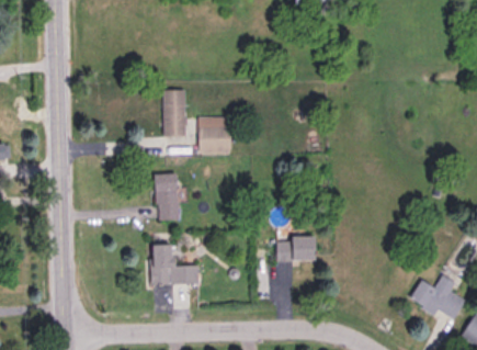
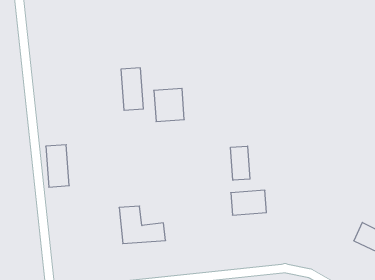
building: [155,173,178,219] -> [46,145,69,187]
building: none -> [231,146,250,180]

